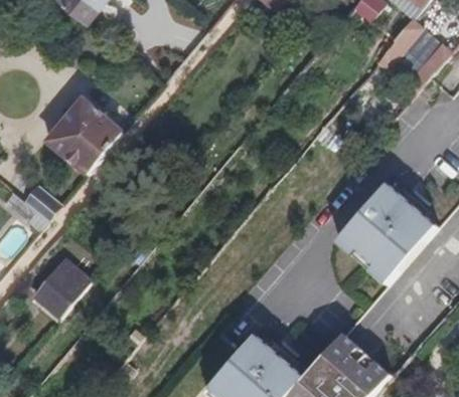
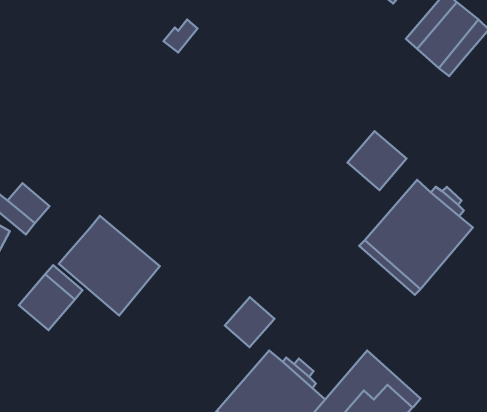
building: [45,97,122,174] -> none
building: none -> [348,131,407,190]
building: none -> [59,216,160,315]
building: none -> [225,297,274,347]

